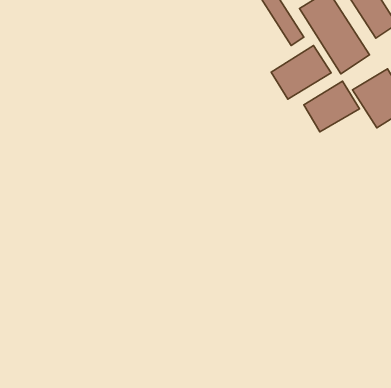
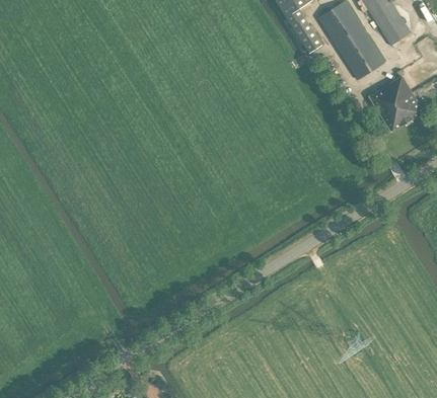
building: [271,45,331,99] -> none
building: [304,81,360,132] -> none

